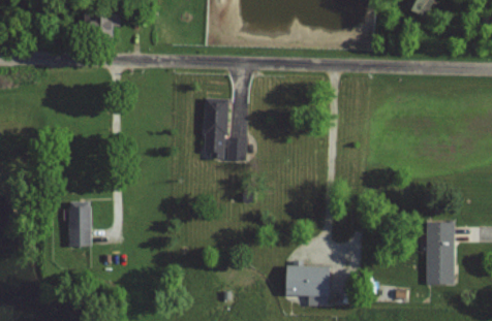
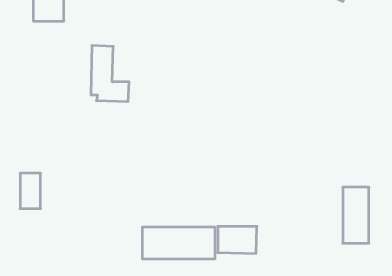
building: [204,97,246,159] -> [91,46,129,102]
building: none -> [143,227,215,259]

